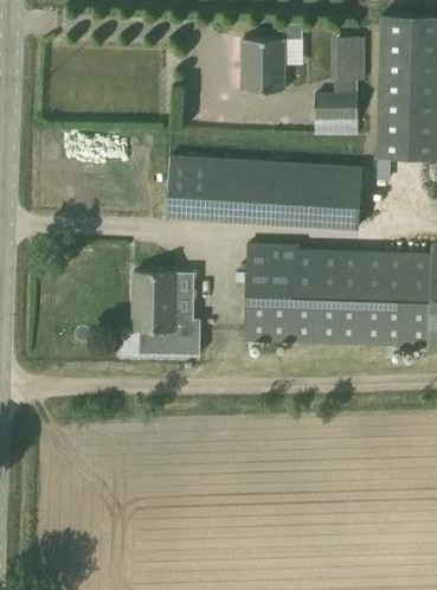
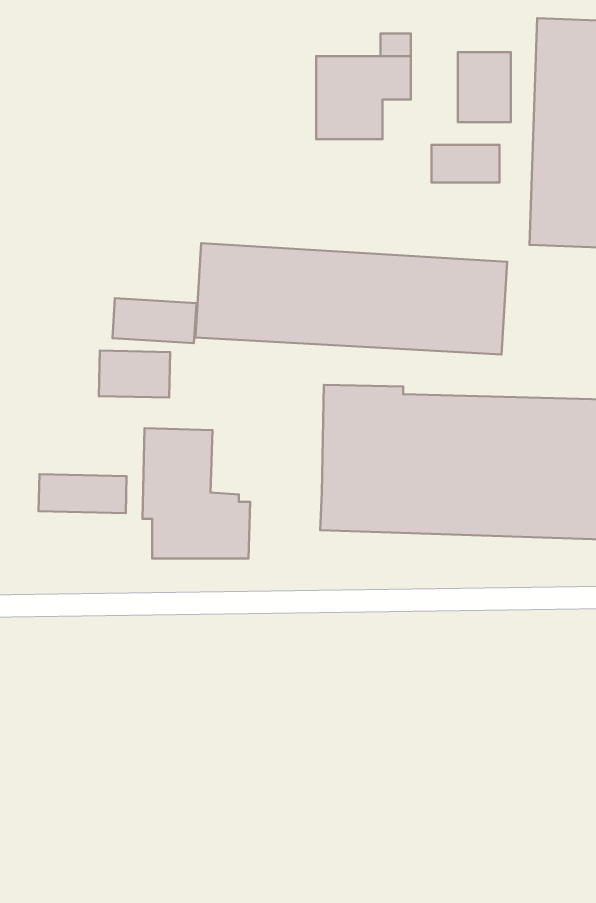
building: none -> [112,298,196,343]
building: none -> [99,351,170,398]
building: none -> [39,474,127,513]

